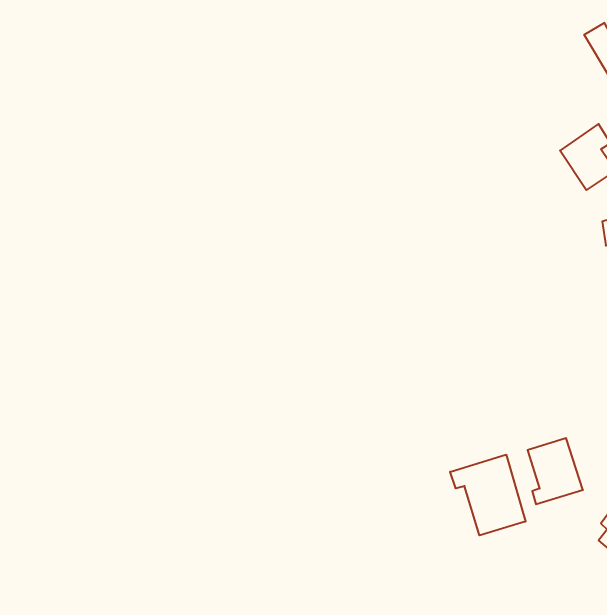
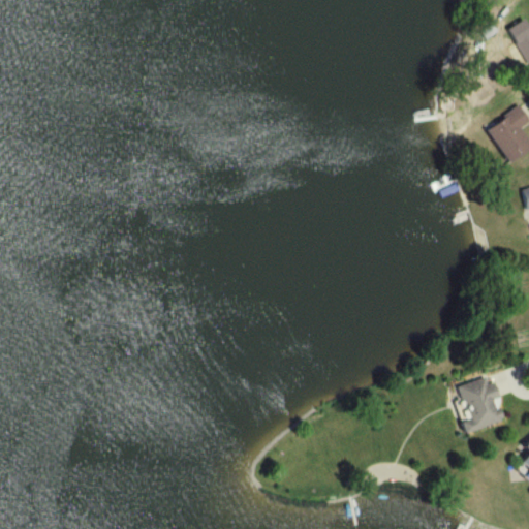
building: [450,455,526,535] -> none

